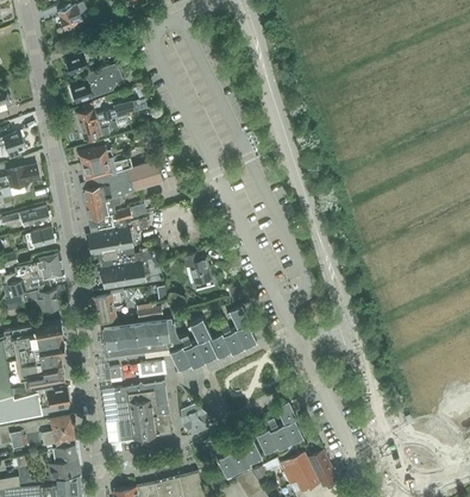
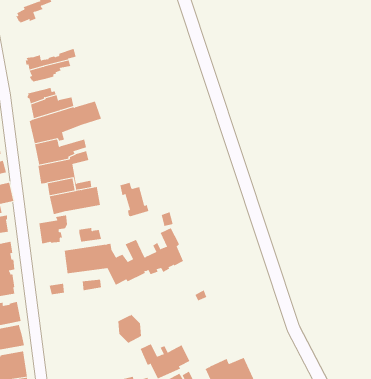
building: [71,63,123,102] -> none
building: [102,331,124,360] -> none
building: [101,383,171,442] -> none
building: [257,401,303,454] -> none

